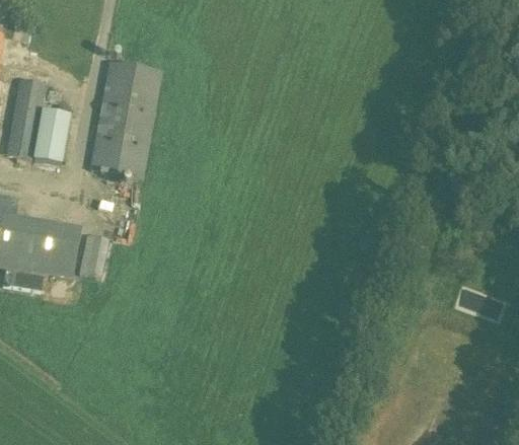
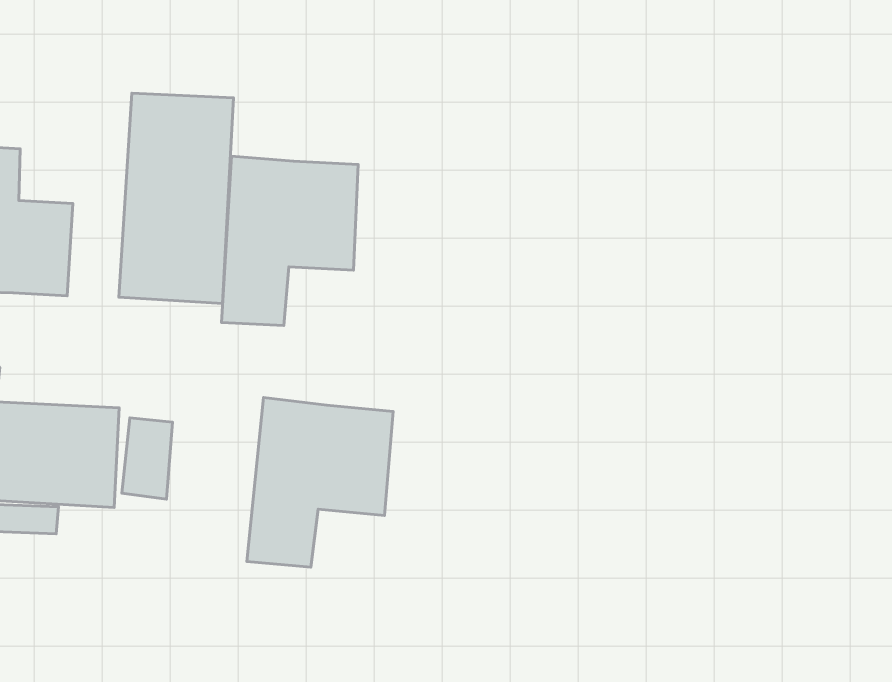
building: none -> [221,156,358,325]
building: none -> [247,397,393,567]

